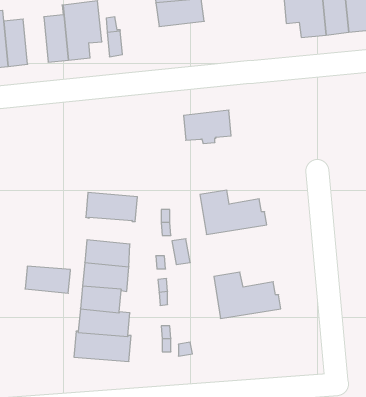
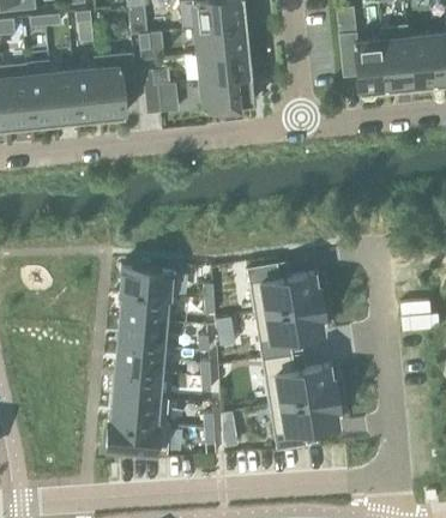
building: none -> [50,70,78,122]
building: [184,110,231,143] -> [201,74,254,112]
building: none -> [254,301,324,359]
building: [25,266,70,293] -> [121,293,171,323]
building: none -> [270,394,339,450]

